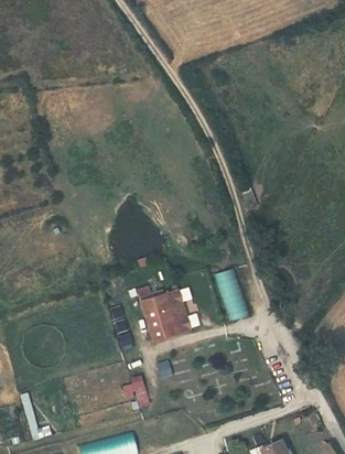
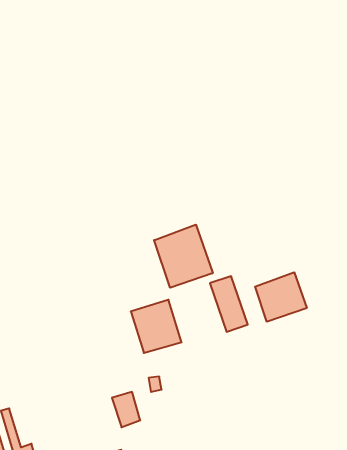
building: none -> [154,225,213,288]
building: none -> [255,272,307,322]

